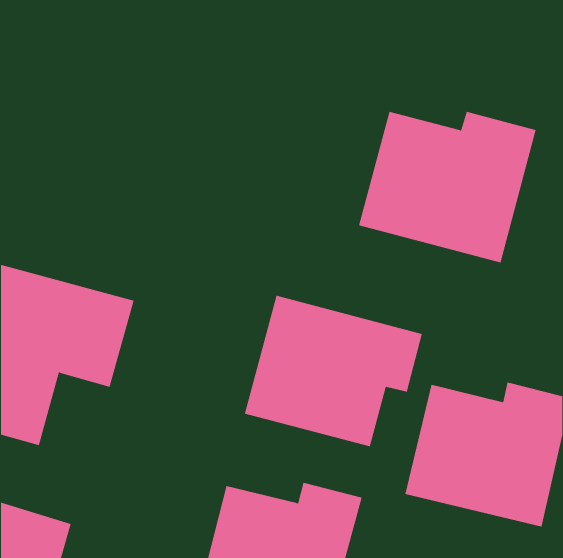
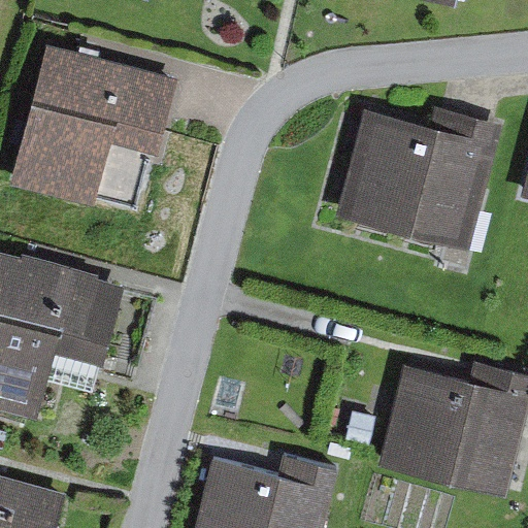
building: none -> [8,43,179,209]
building: [244,295,423,447] -> none

